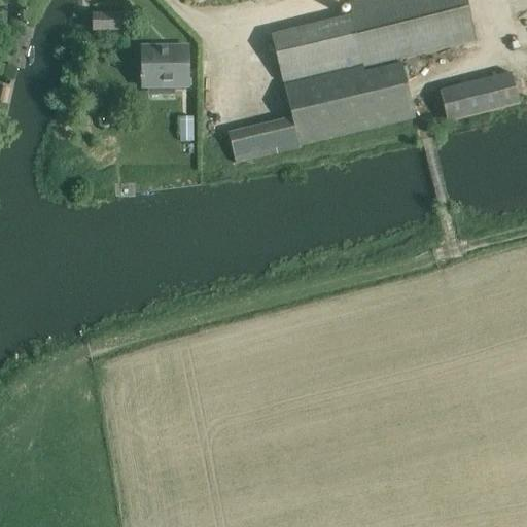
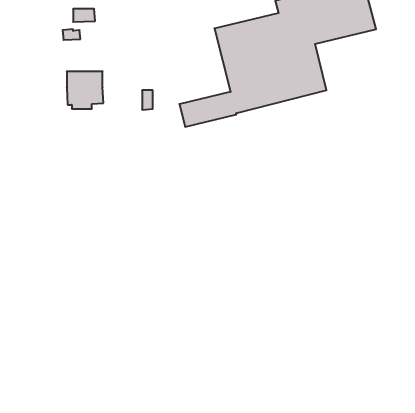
building: [142,44,188,92] -> [67,71,103,109]
building: [438,70,519,120] -> none

